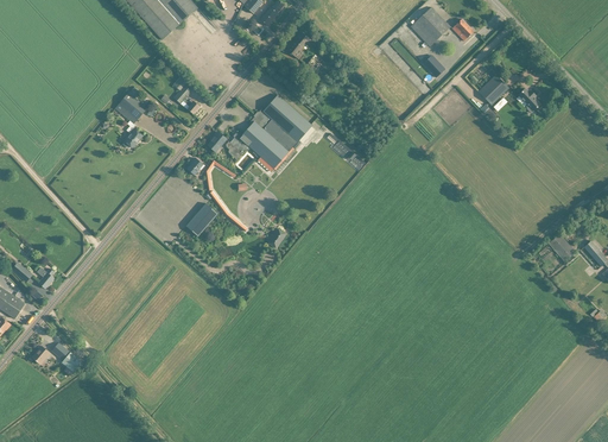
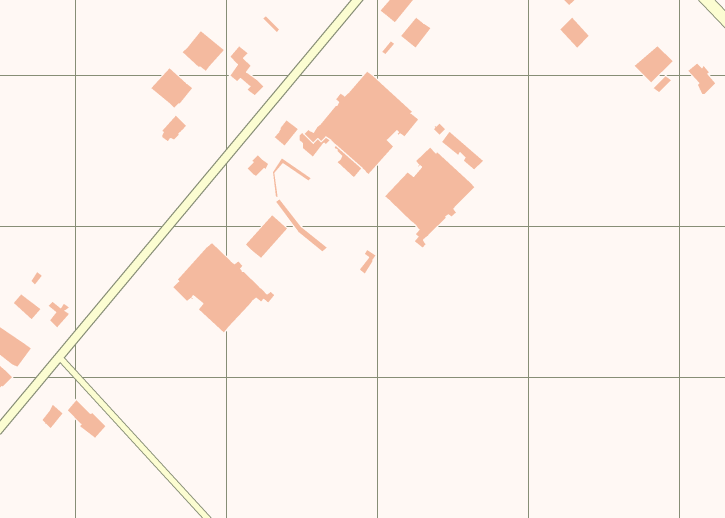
building: none -> [182,30,225,72]
building: none -> [384,147,475,249]
building: none -> [172,242,275,333]

